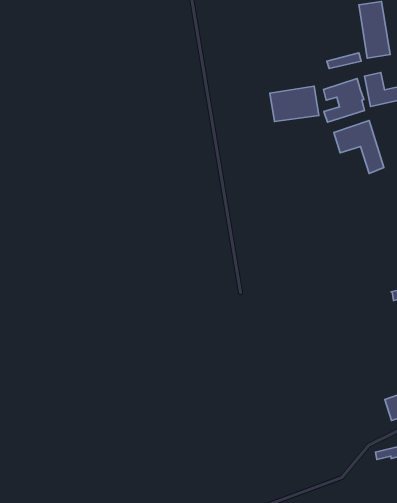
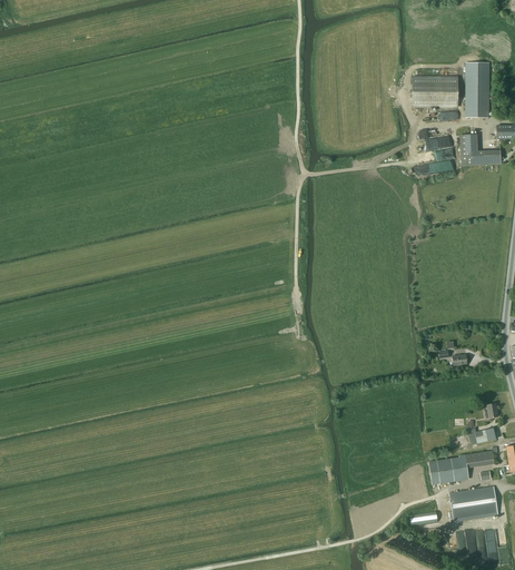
building: [270,86,319,121] -> [413,77,458,107]
building: [334,120,384,173] -> none

